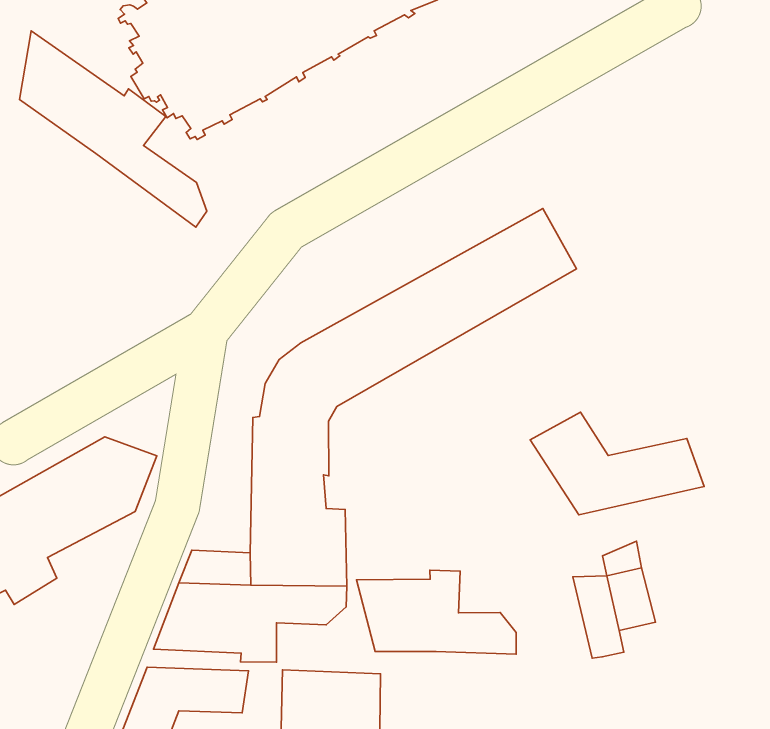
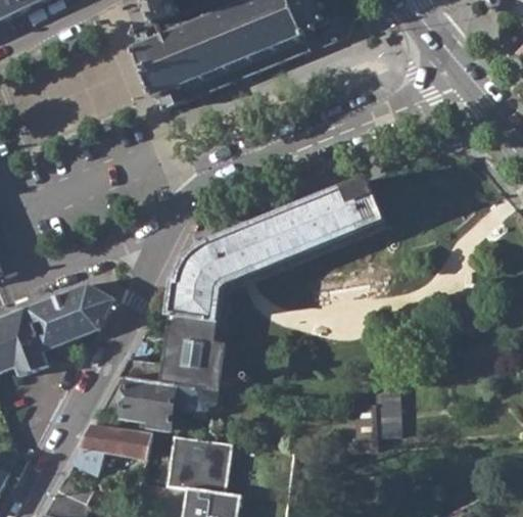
building: [20,31,207,227] -> none
building: [530,412,704,515] -> none
building: [357,570,516,654] -> none

